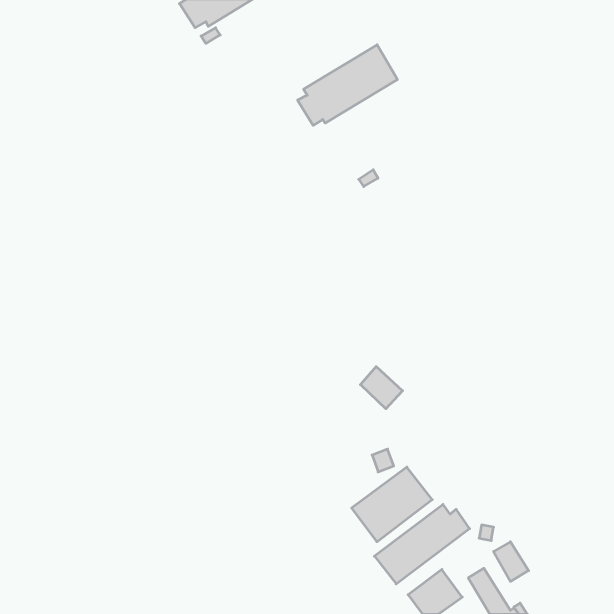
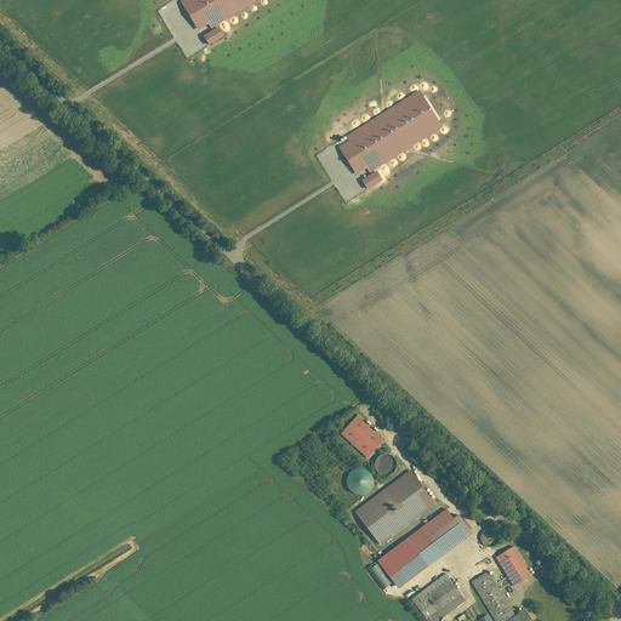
building: [298,45,397,125] -> [340,91,440,172]
building: [360,367,403,409] -> [342,415,384,457]
building: none -> [347,467,374,494]

